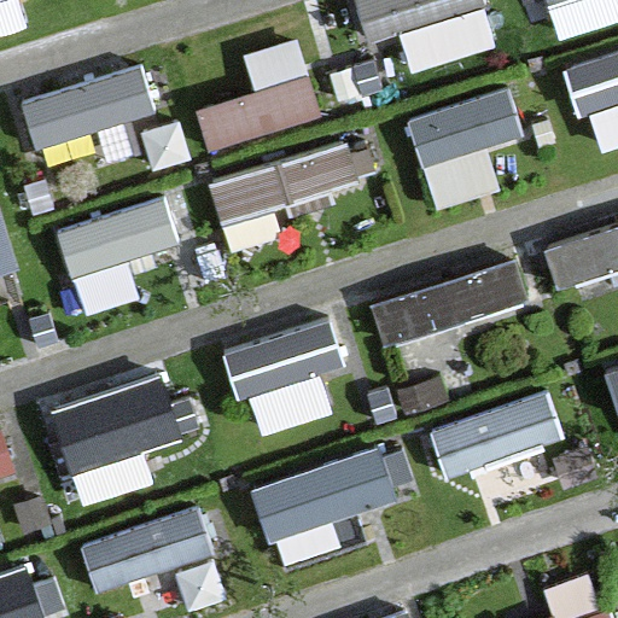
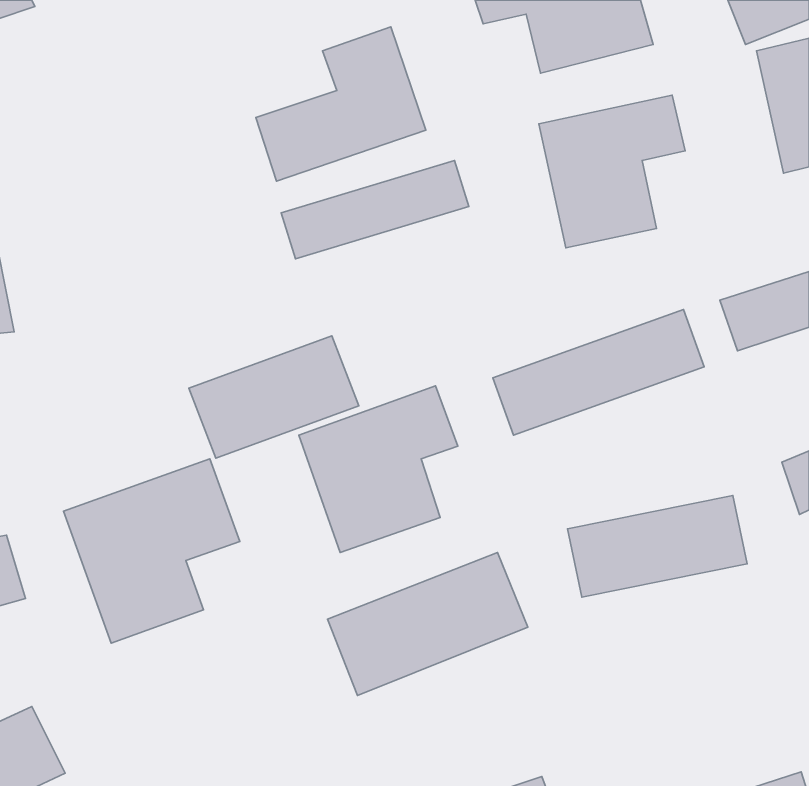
building: [22,66,158,151] -> none
building: [53,193,182,286] -> [189,336,359,458]
building: [80,505,217,599] -> none

